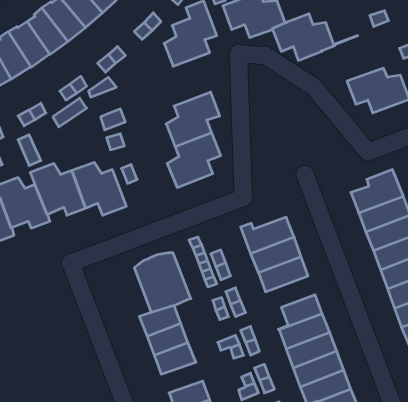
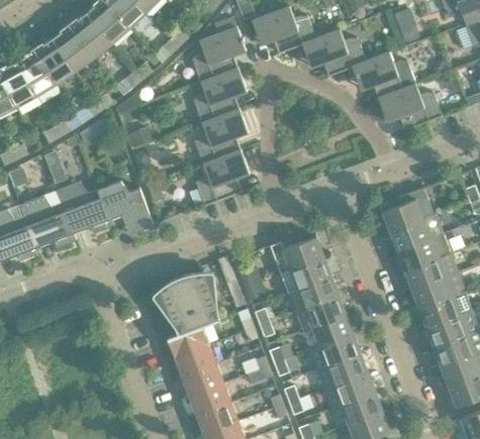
building: none -> [352,51,415,98]
building: none -> [193,69,248,123]
building: none -> [295,296,346,331]
building: none -> [189,383,231,415]

